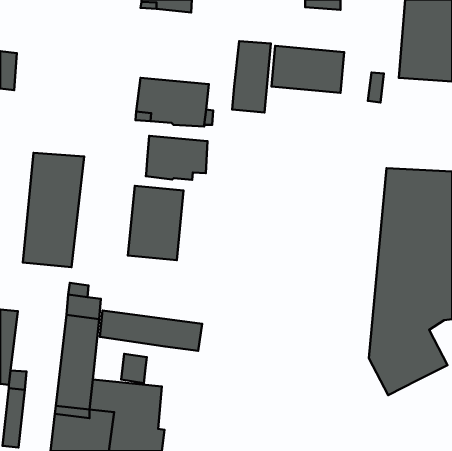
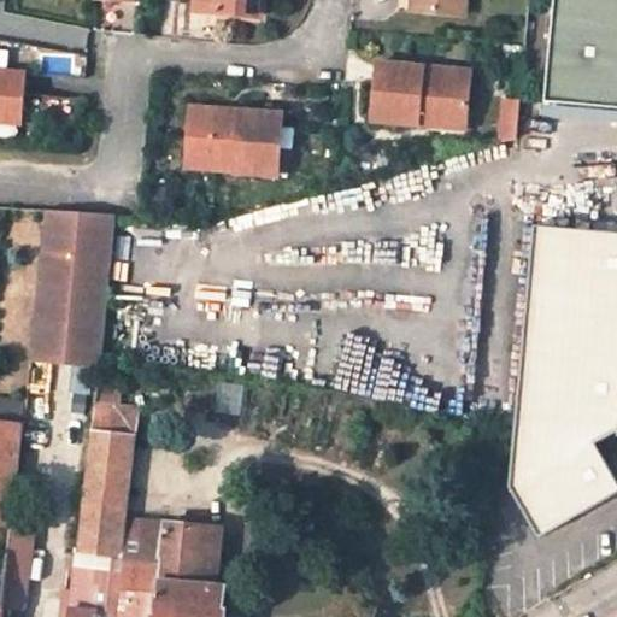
building: [232,41,271,113] -> none
building: [146,136,207,180] -> none
building: [128,186,183,260] -> none
building: [100,310,202,351] -> none
building: [121,354,147,383] -> none

